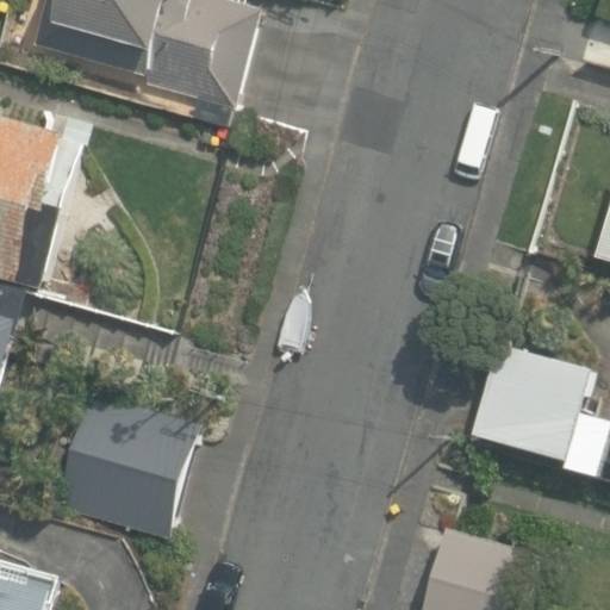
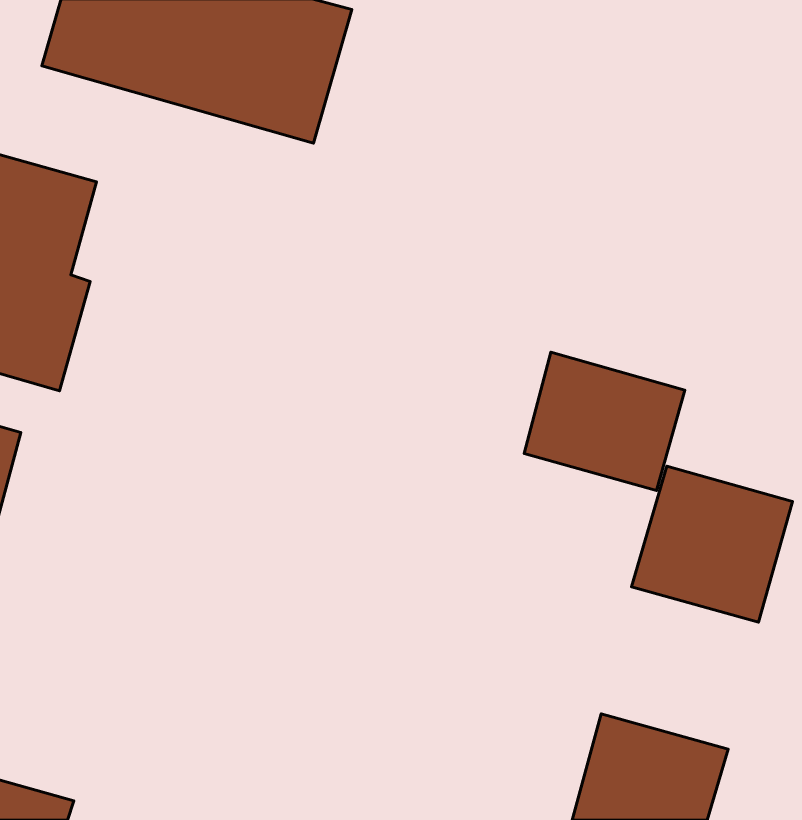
building: none -> [524,352,685,490]
building: [52,392,198,535] -> none

